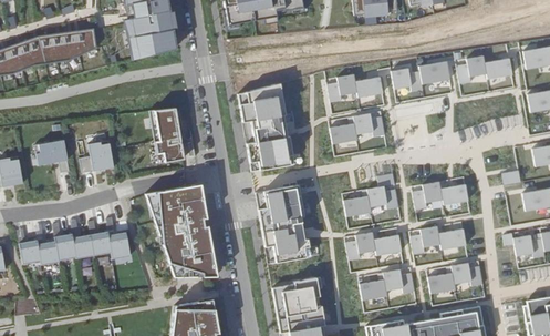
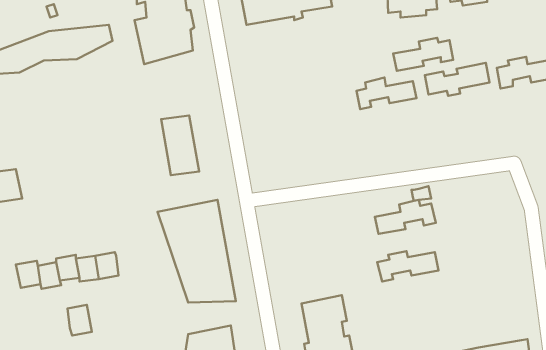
building: [238,84,292,173] -> none
building: [329,113,383,143] -> [393,38,453,71]
building: [34,140,69,173] -> none
building: [80,140,114,172] -> none
building: [412,180,467,207] -> none
building: [263,185,310,263] -> none
building: [409,224,465,252] -> none
building: [108,232,131,259] -> [67,305,92,335]
building: [427,261,482,291] -> none
building: [360,267,415,297] -> none

